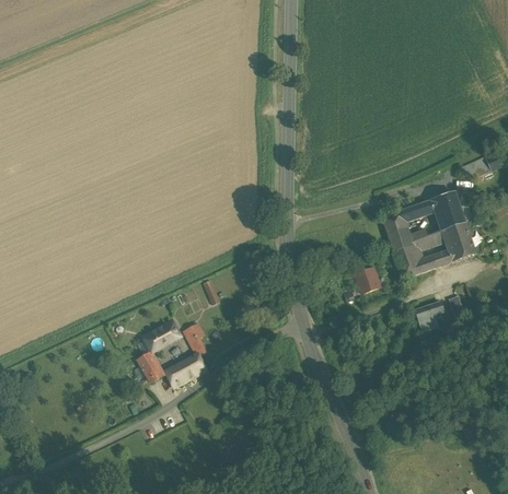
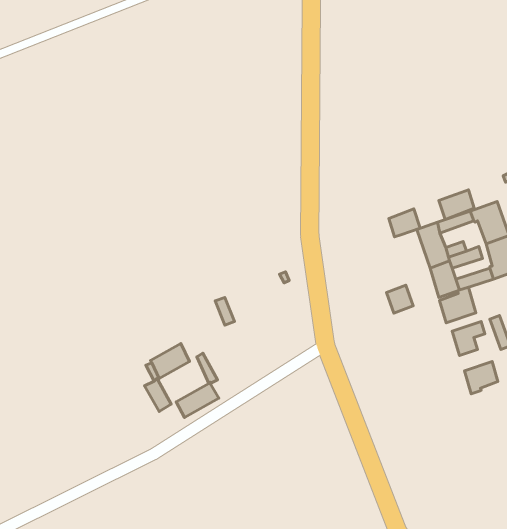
building: none -> [439,190,474,220]
building: none -> [389,209,420,237]
building: none -> [440,287,476,323]
building: none -> [465,362,498,394]

